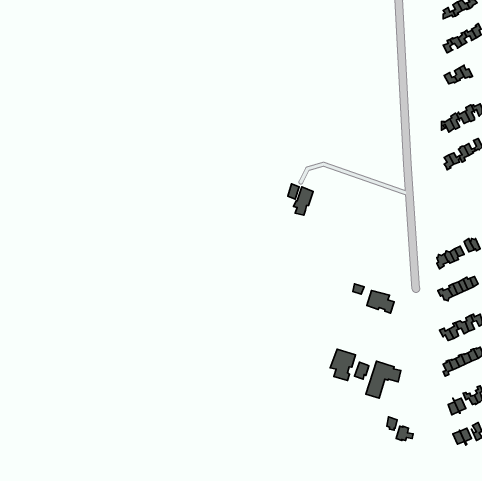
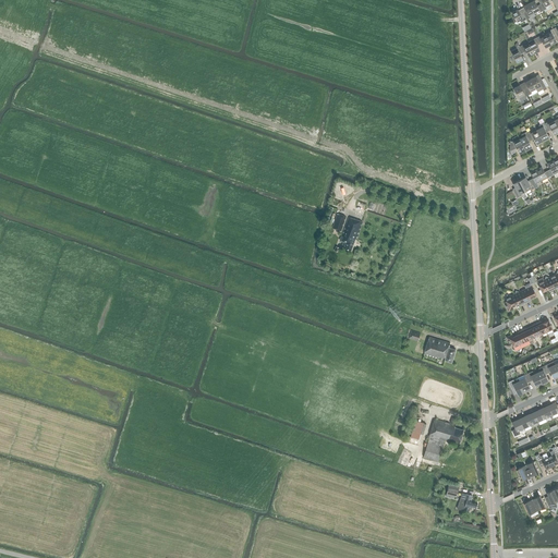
building: [330,349,355,380] -> none

